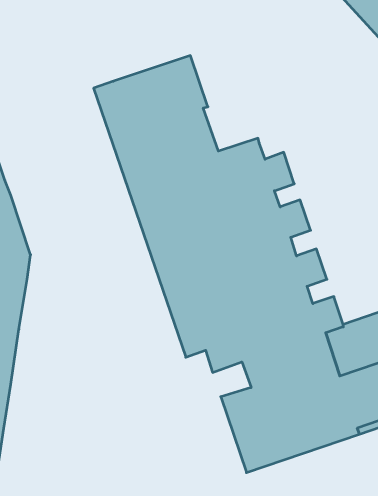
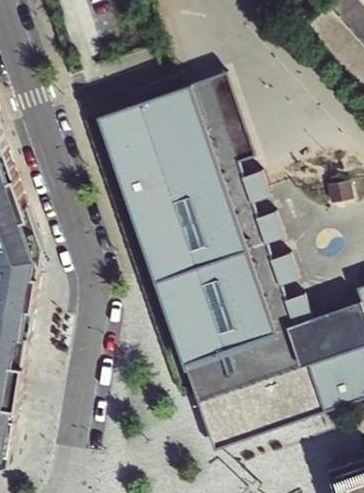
building: none -> [177,71,252,169]
building: none -> [173,340,229,450]

